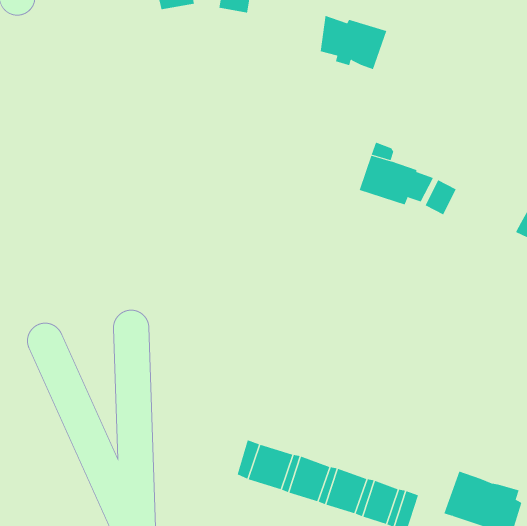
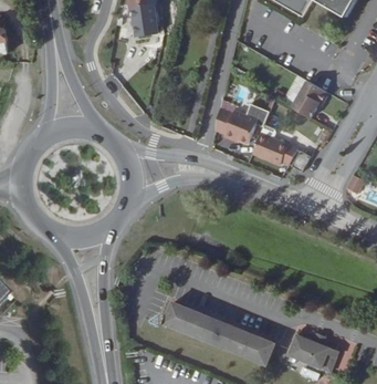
building: [320,15,387,70] -> [216,106,258,142]
building: none -> [292,80,328,117]

